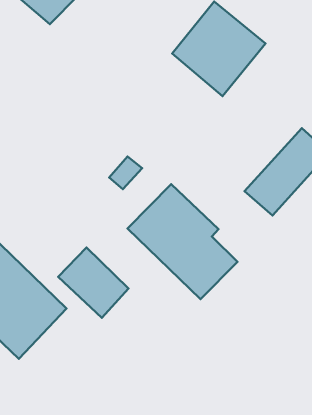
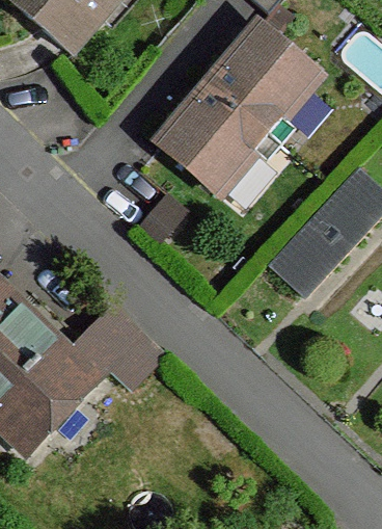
building: none -> [159,86,267,193]
building: [128,184,238,299] -> none

